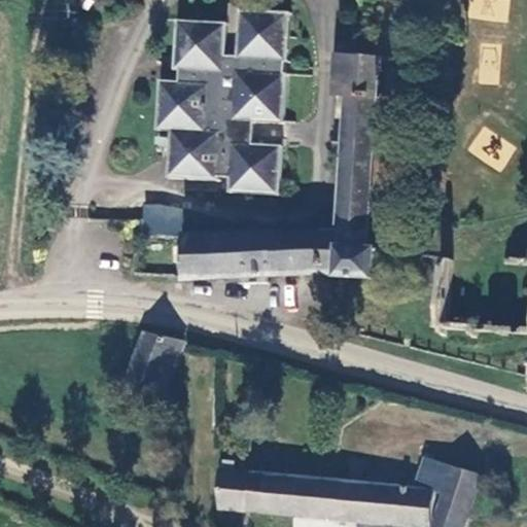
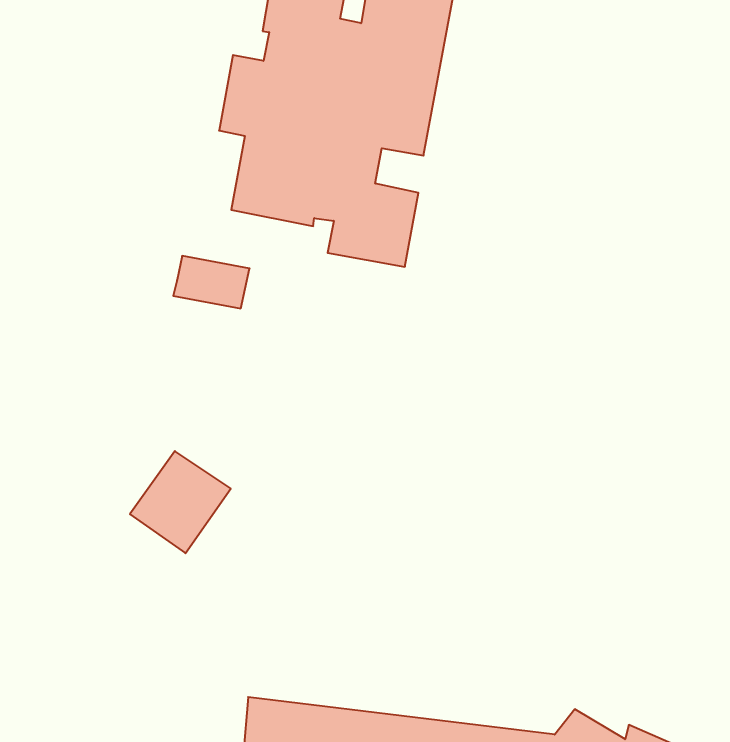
building: [181,60,379,284] -> none

